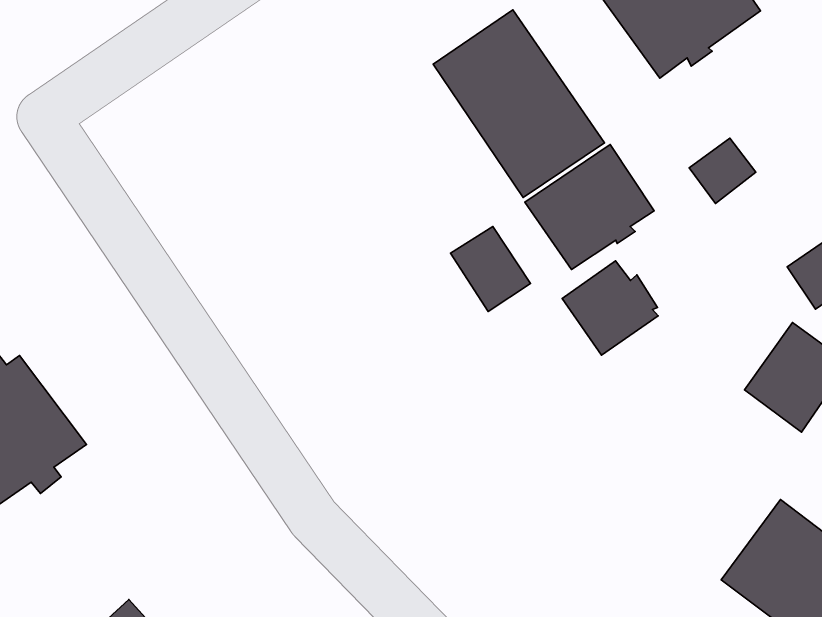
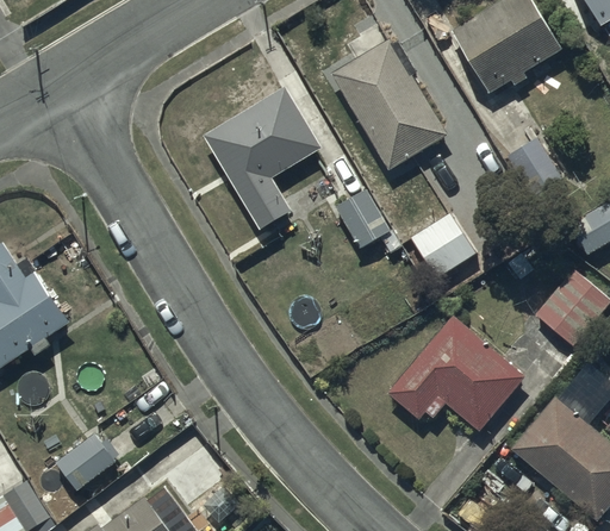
building: none -> [203,85,322,227]
building: [525,144,654,270] -> none
building: none -> [387,316,525,430]

